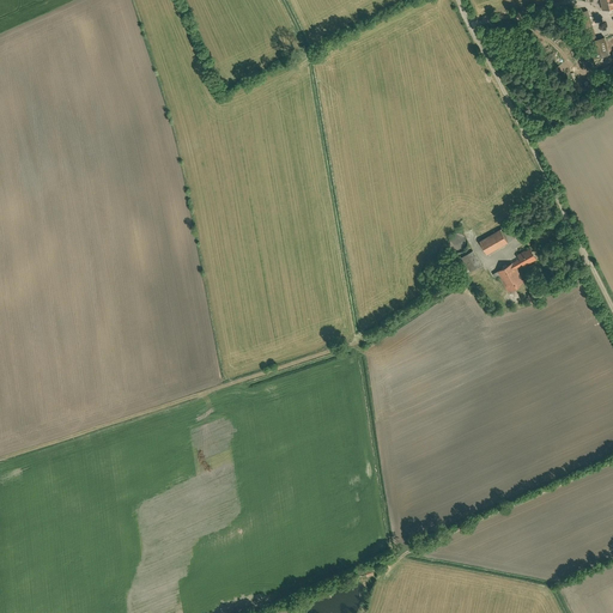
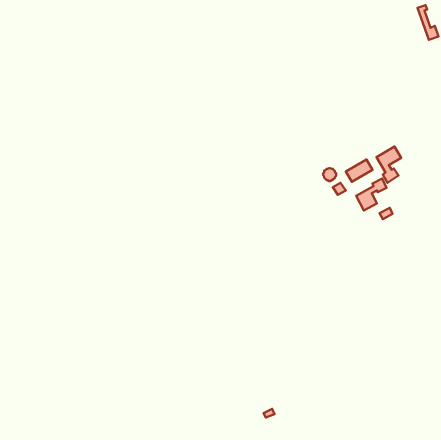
building: none -> [377,146,401,183]

